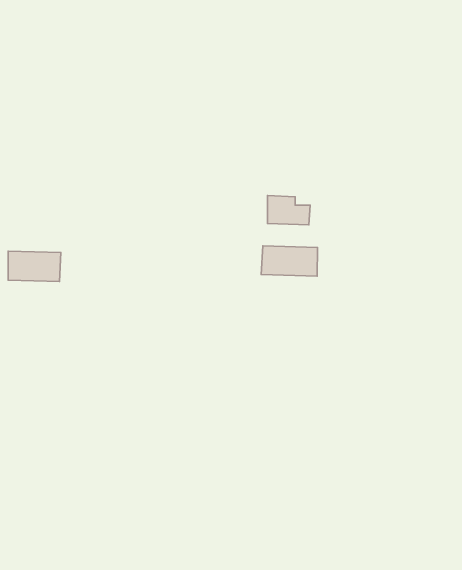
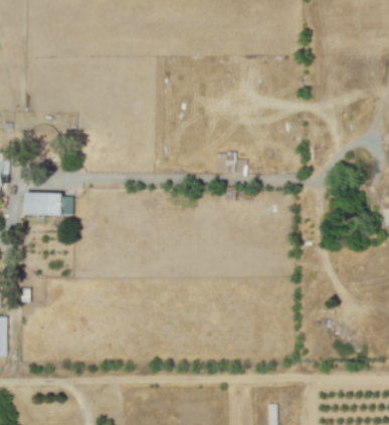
building: [261,246,317,276] -> none

